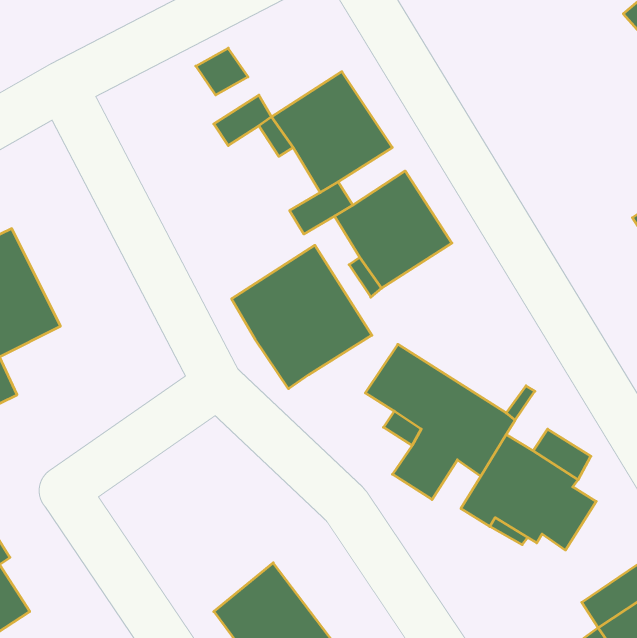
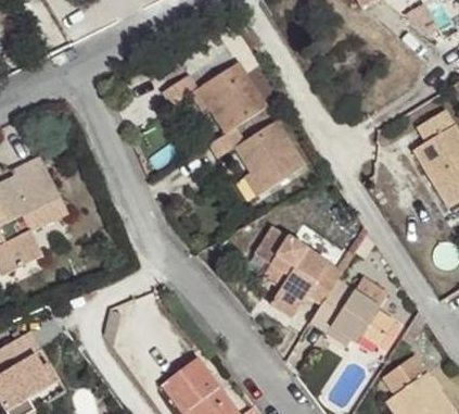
building: [232,245,372,389] -> none

